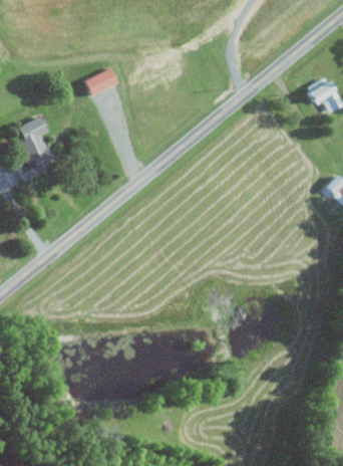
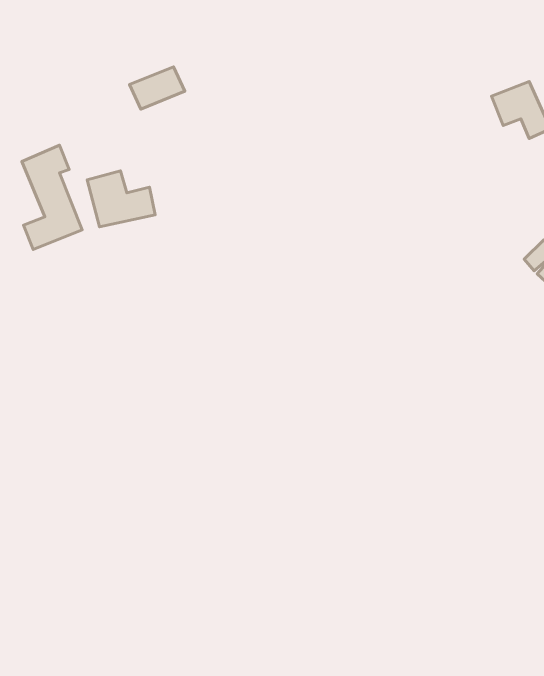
building: none -> [87,171,155,227]

